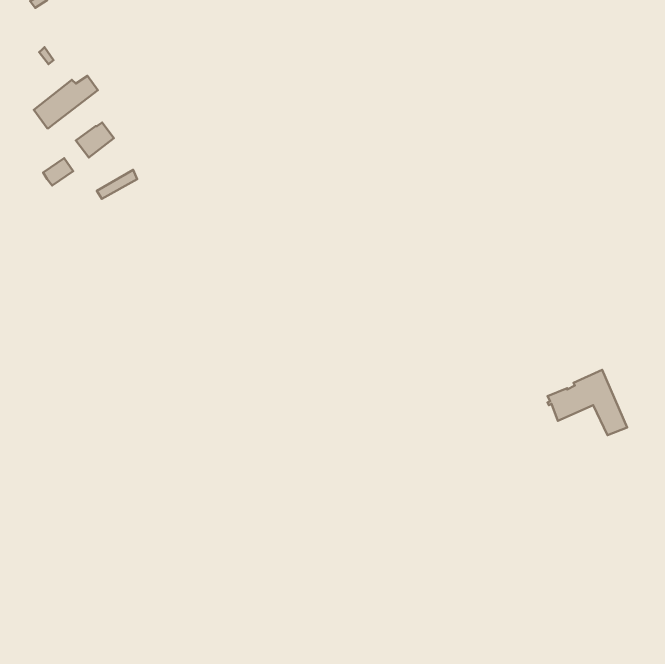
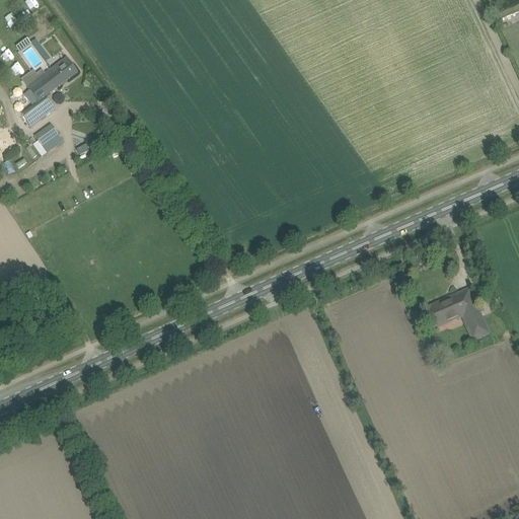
building: [76,122,114,158] -> [21,96,51,124]

